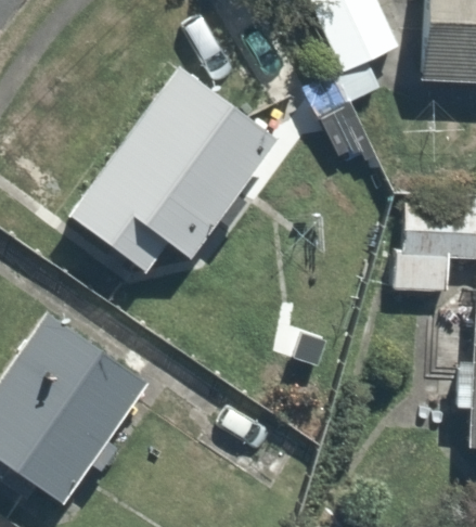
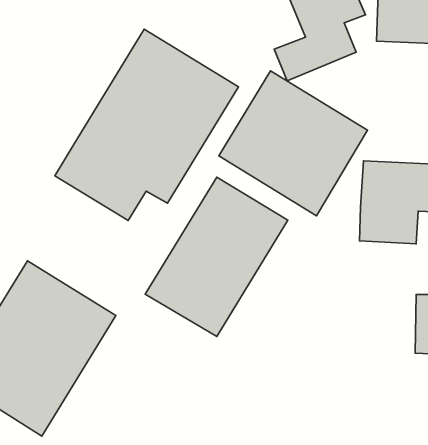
building: none -> [219,71,368,216]
building: none -> [145,177,288,337]

